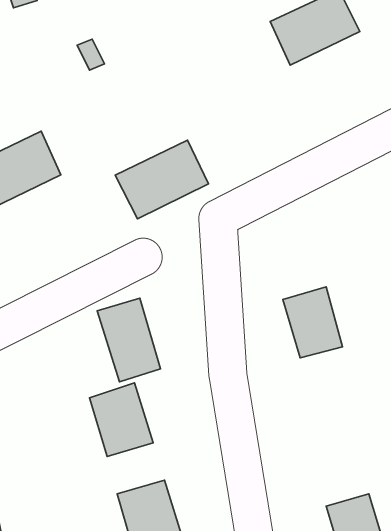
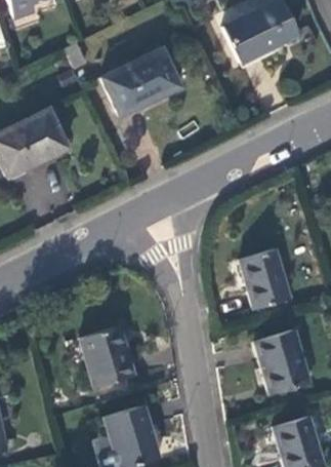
building: [115,140,209,219] -> [107,51,183,116]
building: [97,298,160,382] -> none
building: none -> [253,328,307,394]

